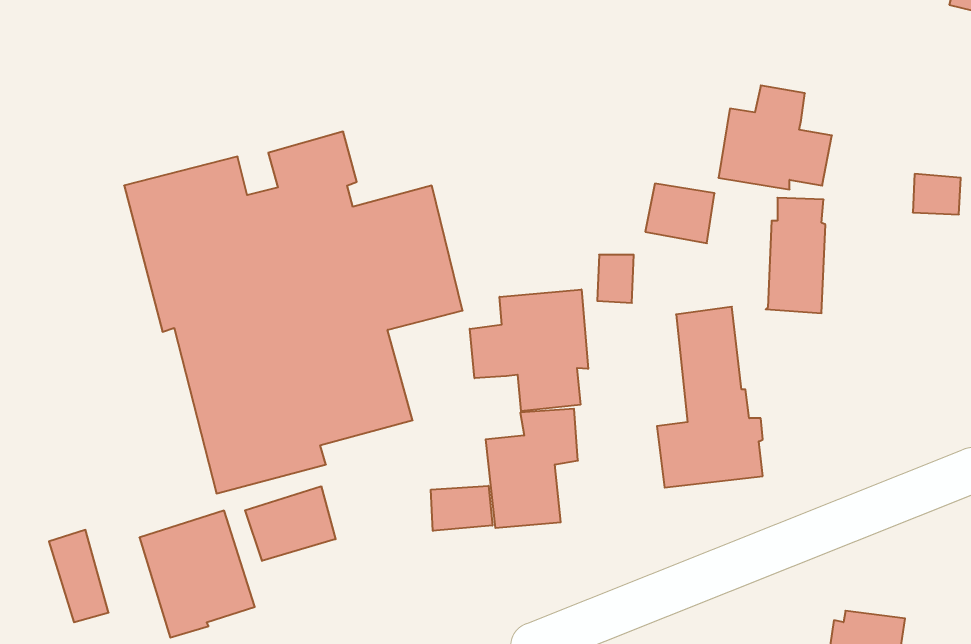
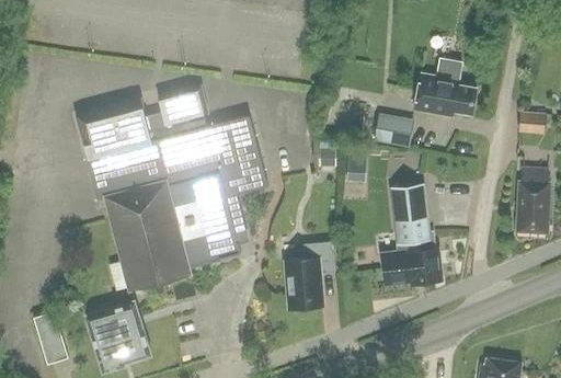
building: [766,198,825,313] -> [516,168,550,233]
building: [470,289,588,411] -> none
building: [431,486,492,531] -> none
building: [245,486,336,561] -> none

